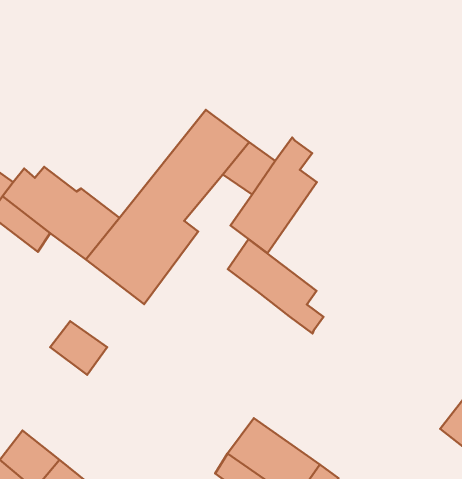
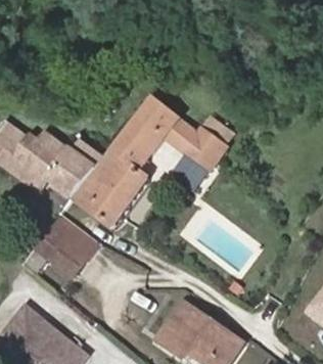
building: [228,239,324,333] -> none
building: none -> [35,213,97,256]

